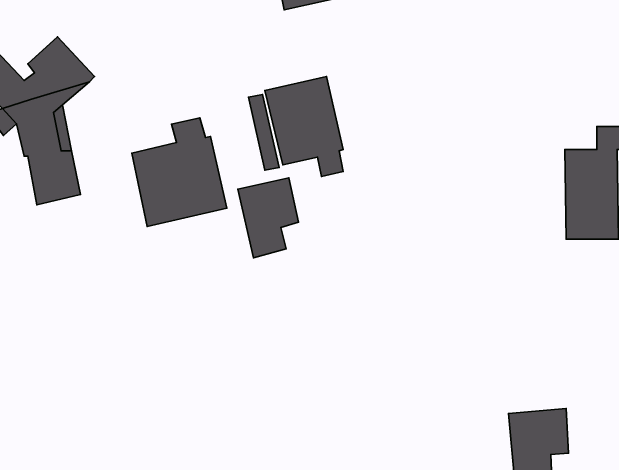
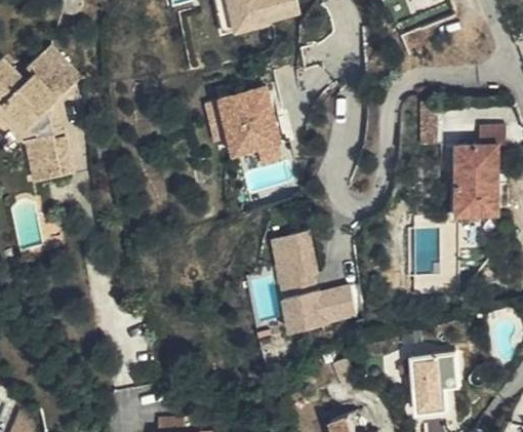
building: [132,118,227,226] -> none
building: [238,178,299,258] -> none
building: none -> [272,232,356,331]

